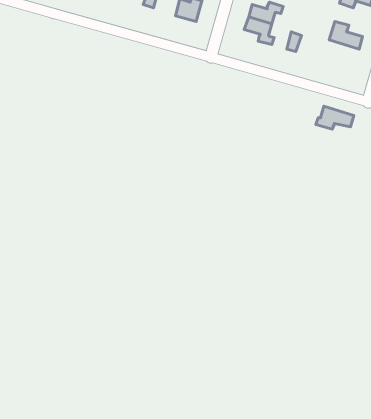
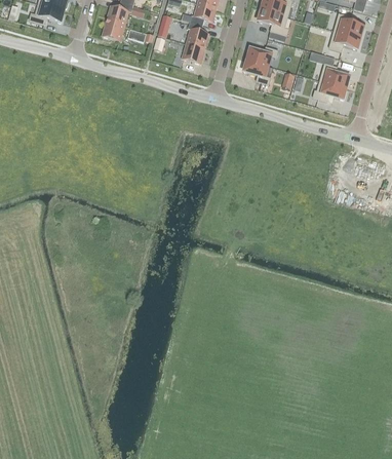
building: [316,106,354,129] -> [312,78,346,99]

